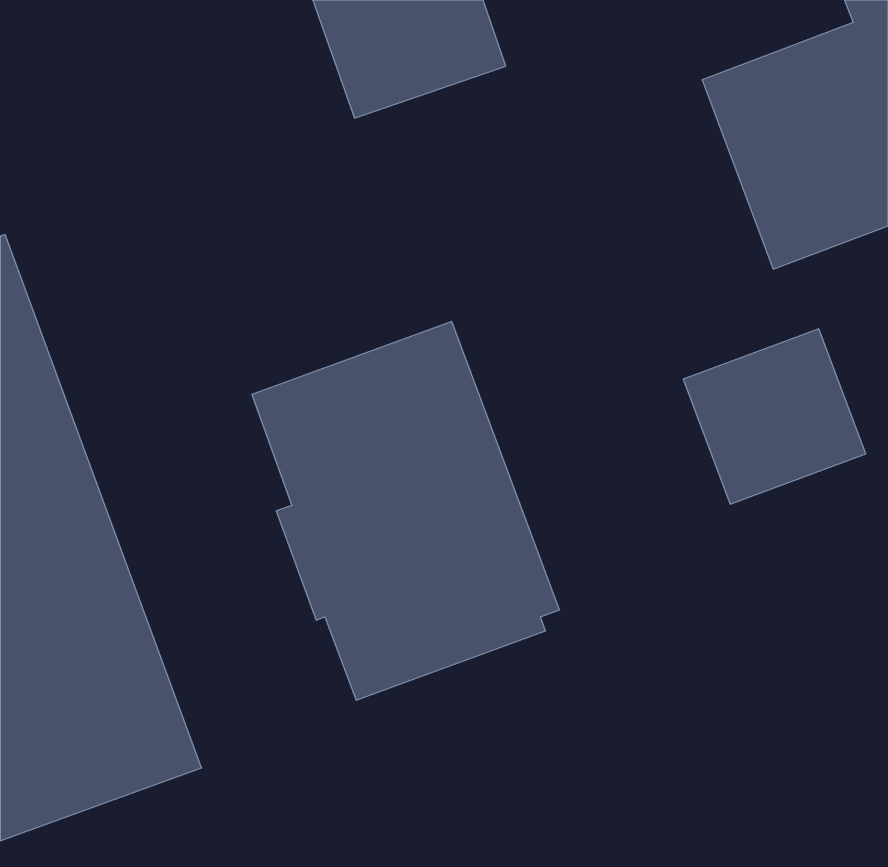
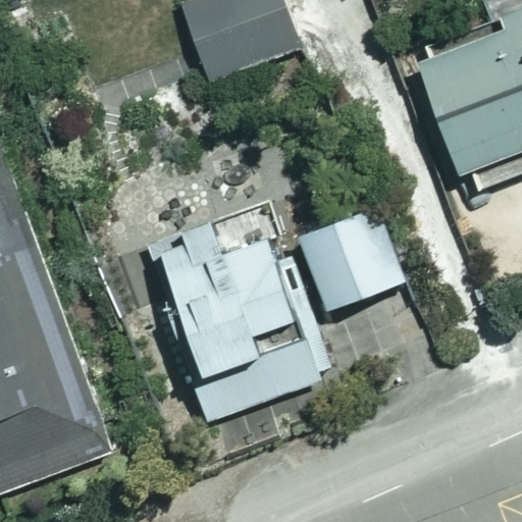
building: [683,329,866,504] -> [294,204,401,307]

